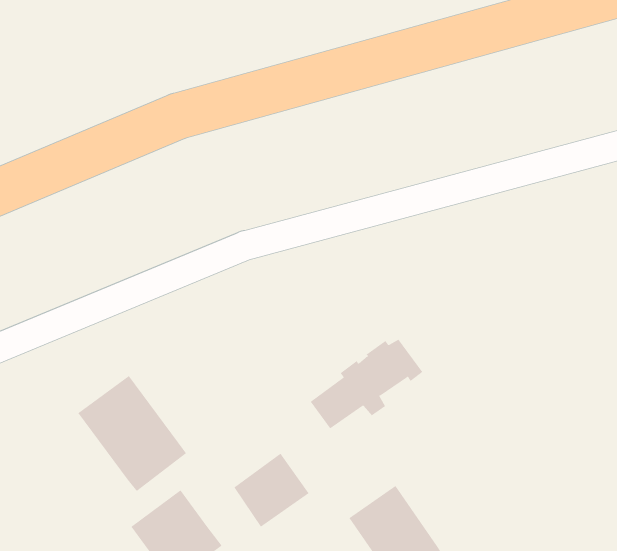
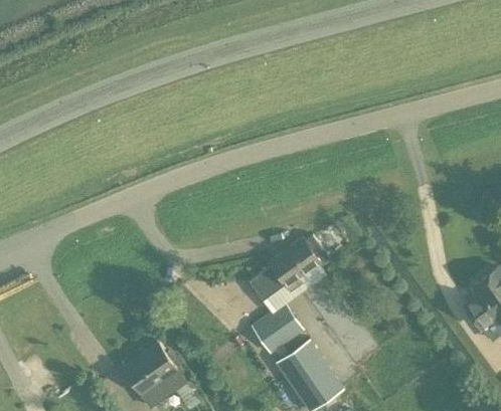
building: [78,375,187,492] -> none
building: [233,453,309,528] -> [252,303,305,356]

